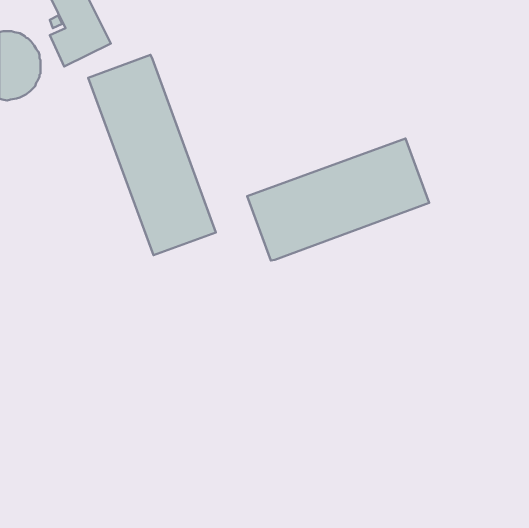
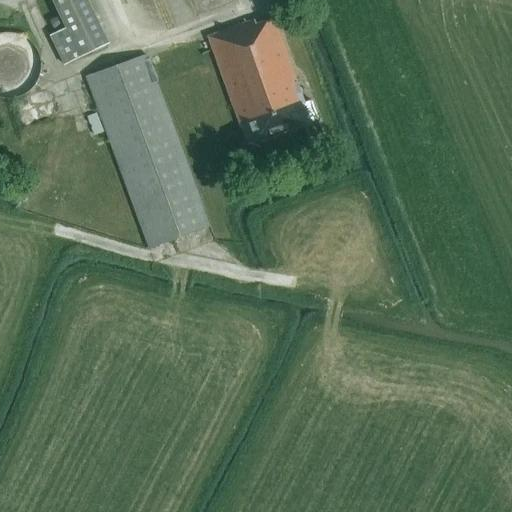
building: none -> [207,16,317,143]
building: [247,138,429,261] -> none

